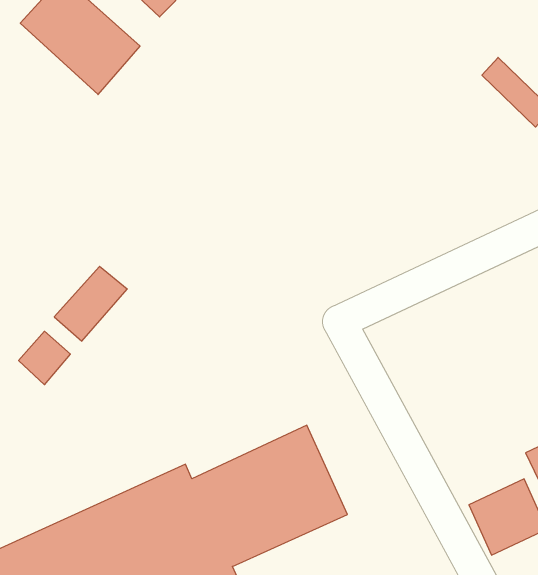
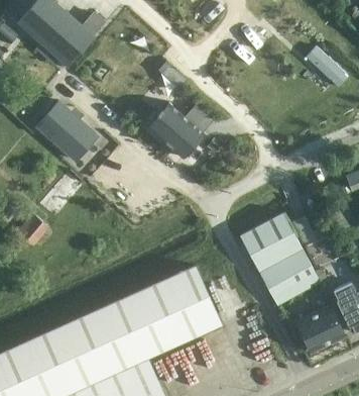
building: none -> [34,100,96,161]
building: none -> [147,102,203,157]
building: none -> [240,212,321,305]

